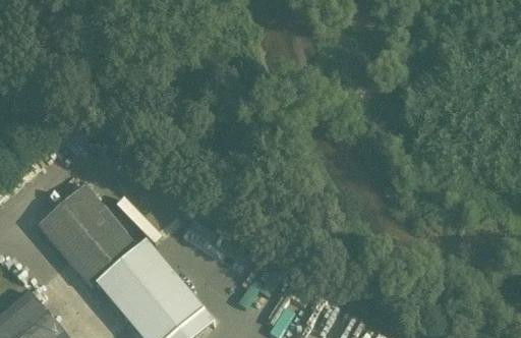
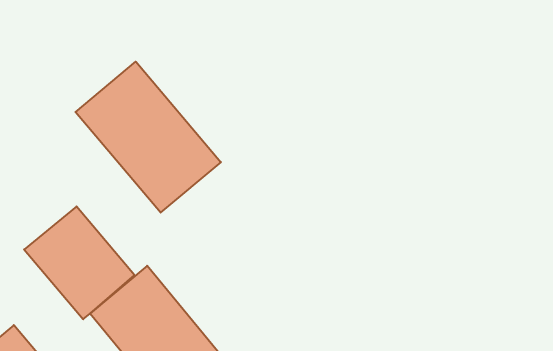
building: none -> [75,62,221,213]

